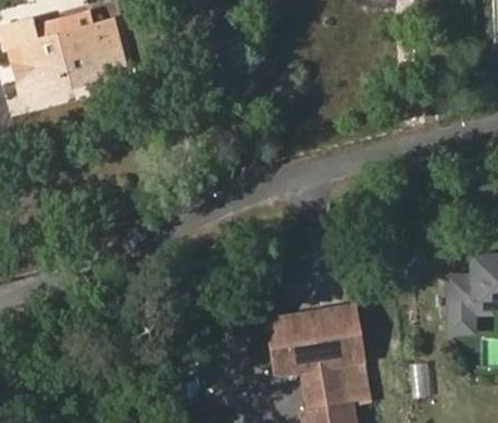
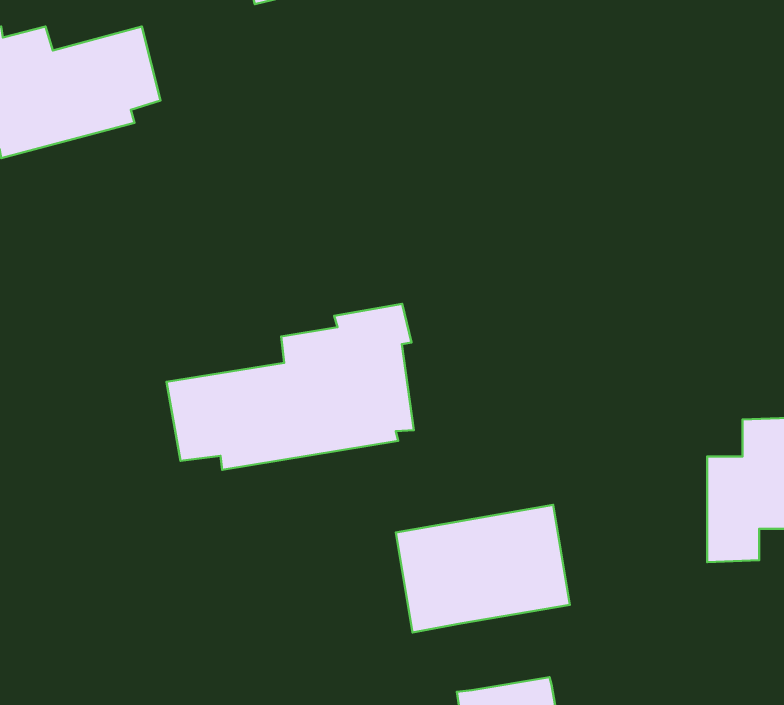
building: none -> [167,304,414,470]
building: [301,361,373,411] -> none

